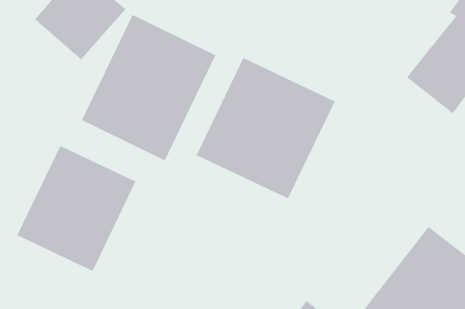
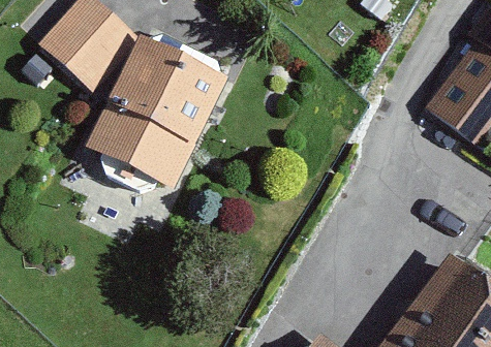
building: [196,57,335,199] -> none
building: [17,145,136,272] -> none

